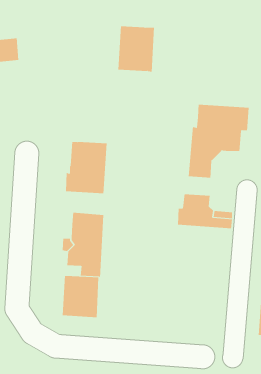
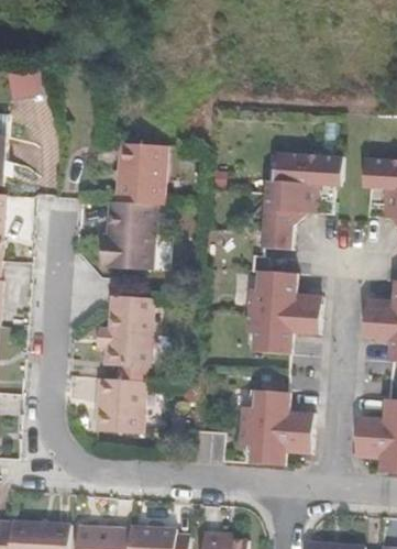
building: [118,26,155,72] -> [117,143,166,205]
building: none -> [246,311,321,354]
building: none -> [240,389,315,465]

